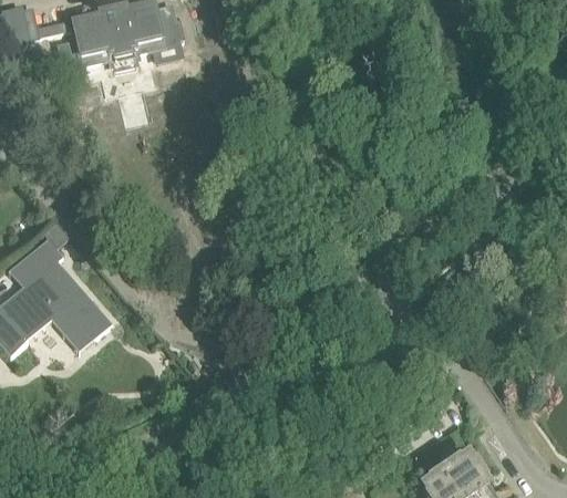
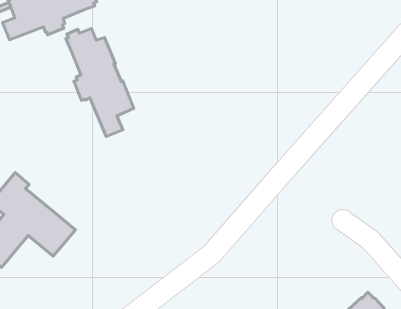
building: none -> [66,29,134,136]

